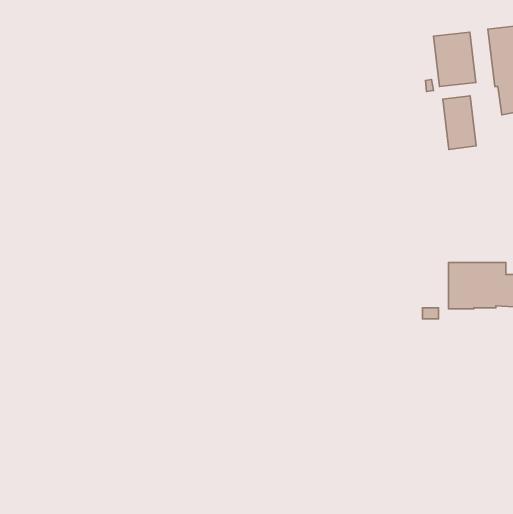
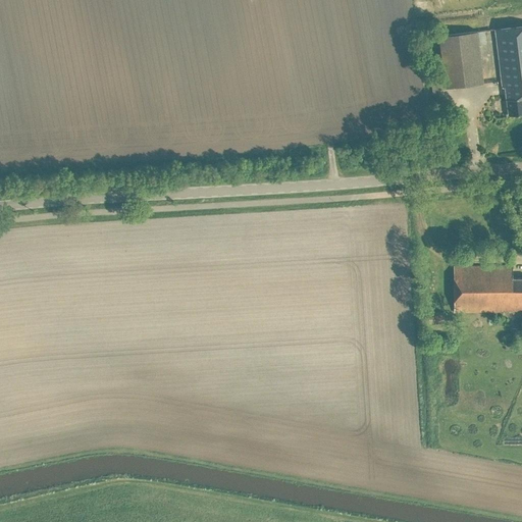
building: [443,96,476,150] -> none

